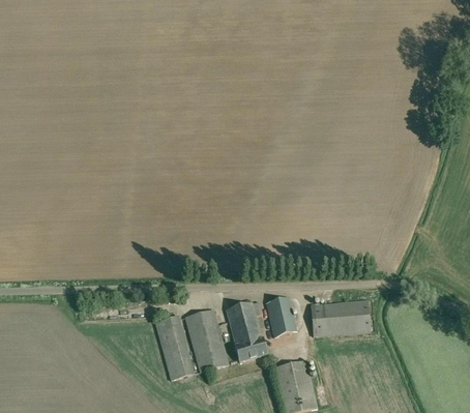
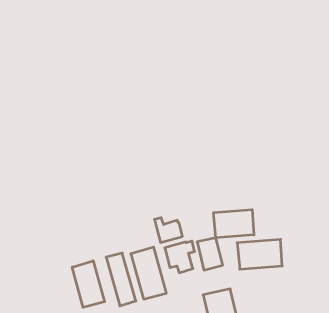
building: none -> [214,210,254,238]
building: none -> [72,261,105,307]
building: [232,331,266,361] -> [154,218,182,242]

